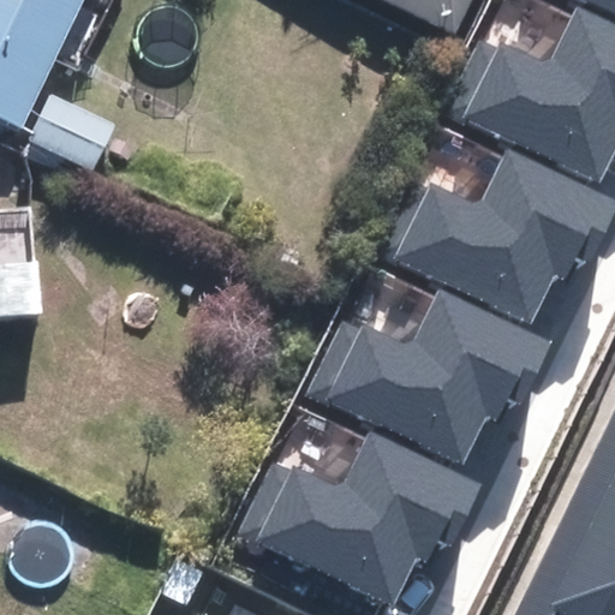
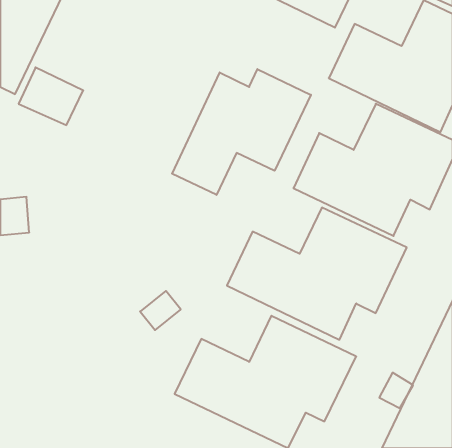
building: none -> [172,69,311,195]

